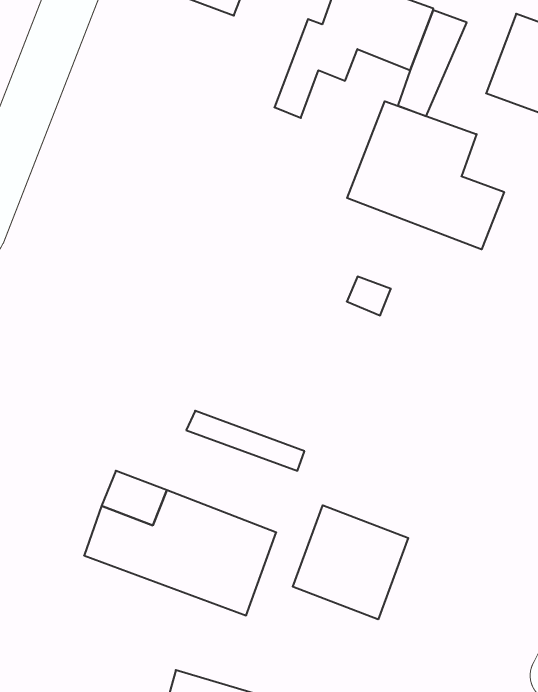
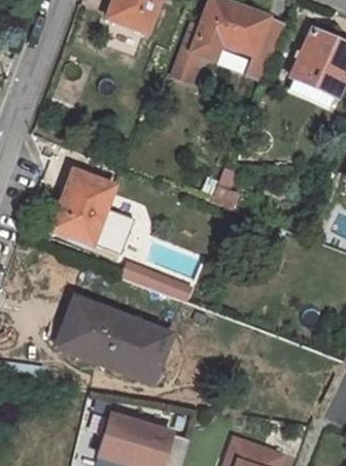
building: [347,101,504,249] -> none
building: none -> [55,166,138,253]
building: [293,505,408,619] -> none

